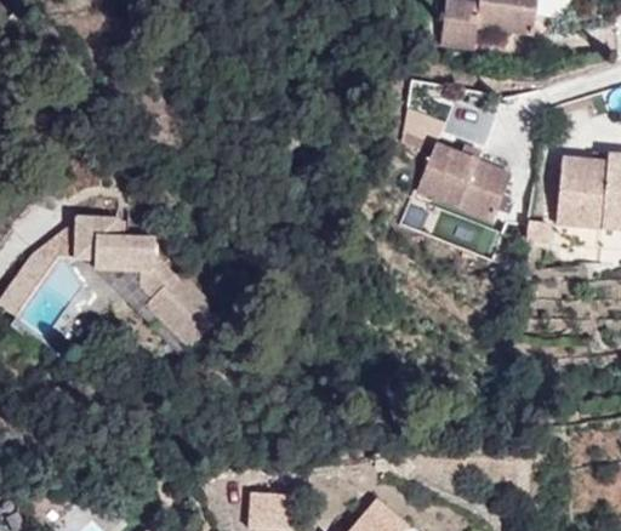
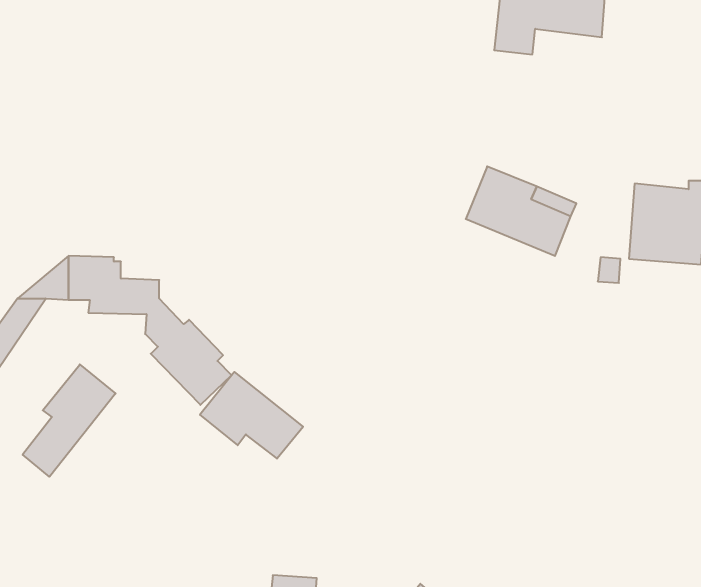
building: none -> [23,364,116,477]
building: none -> [200,372,303,459]

